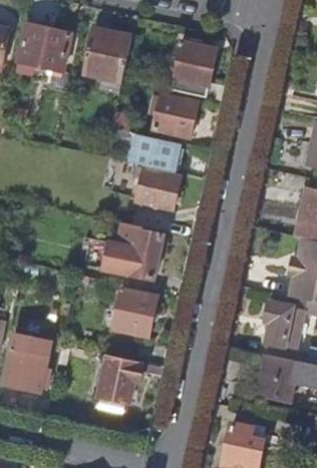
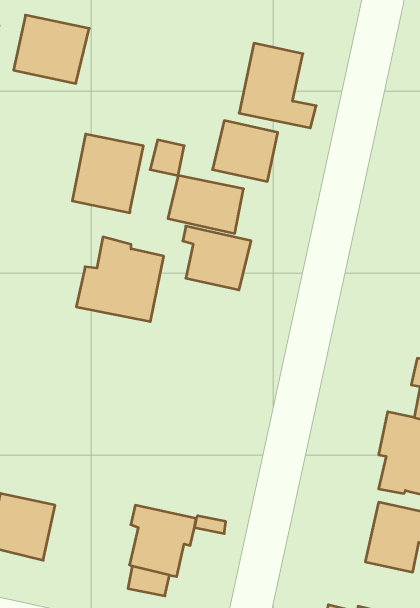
building: [83,28,131,81] -> [72,134,143,213]
building: [103,221,163,279] -> [76,237,164,322]
building: [111,288,157,337] -> none

